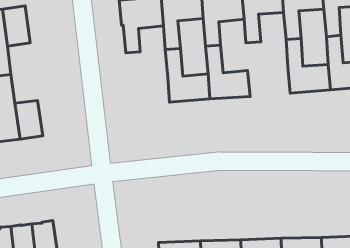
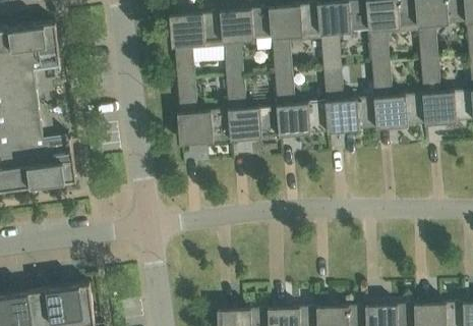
building: none -> [323,67,377,133]
building: none -> [178,79,231,145]

